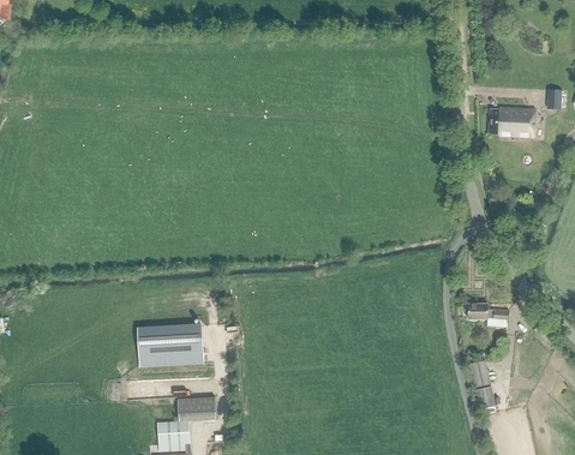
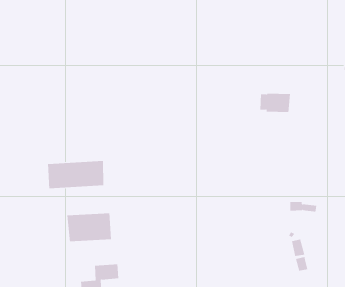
building: [489,109,535,138] -> [259,93,291,113]
building: none -> [48,160,104,189]

